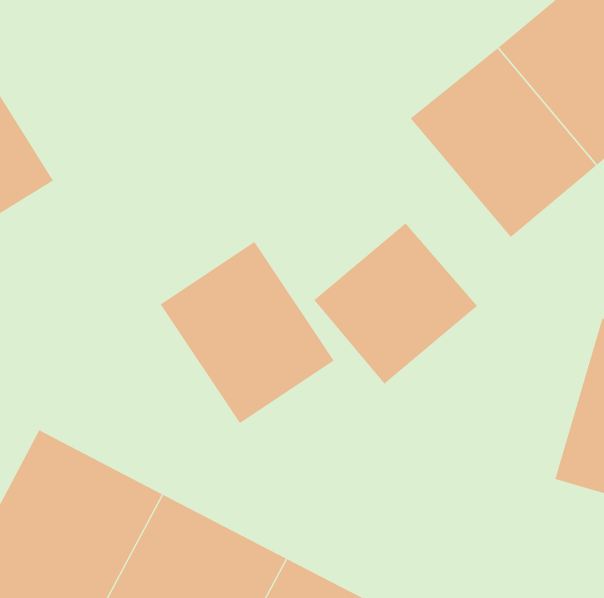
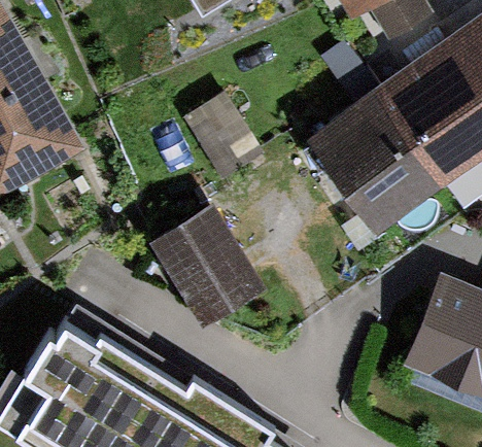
building: none -> [183,97,263,183]
building: [313,223,478,384] -> none

